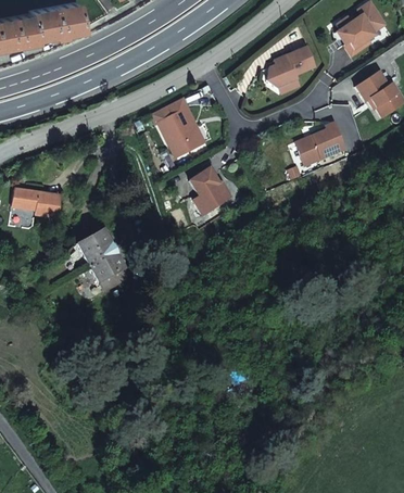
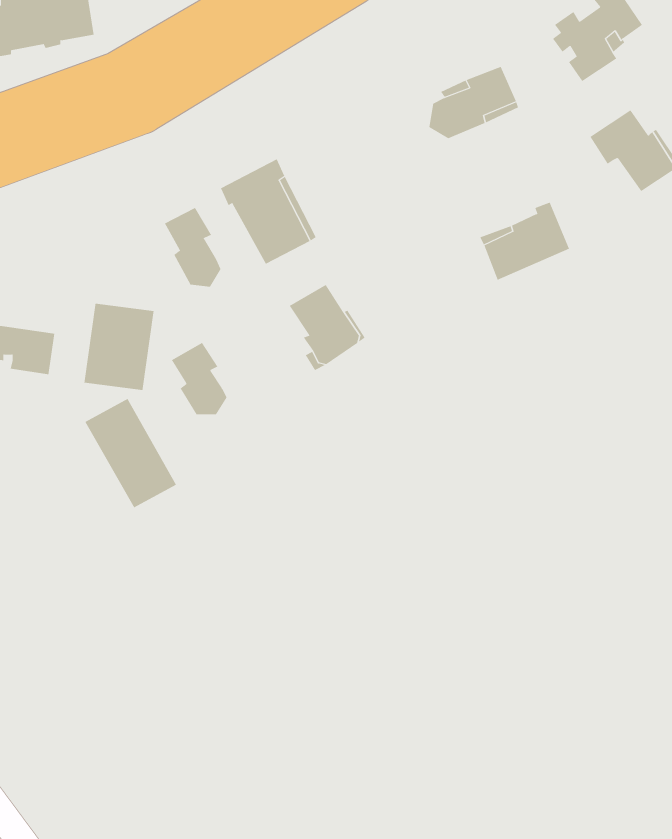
building: none -> [164,207,221,287]
building: none -> [84,303,154,391]
building: none -> [171,342,227,415]

